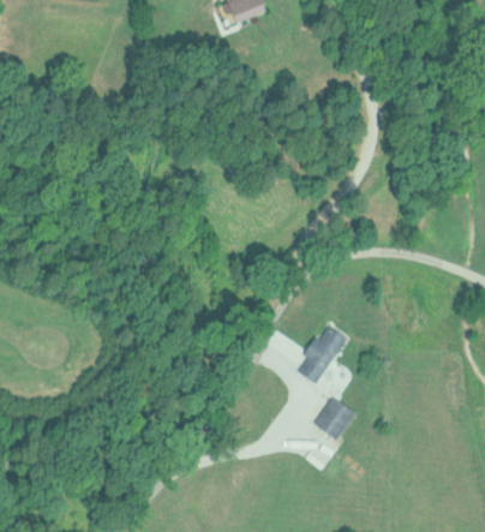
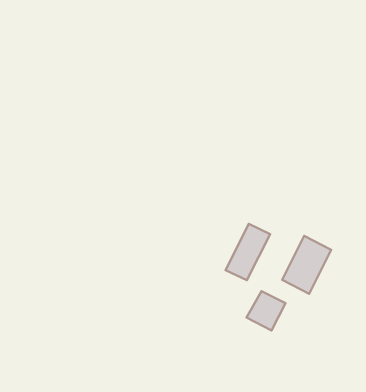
building: none -> [282,236,331,294]

